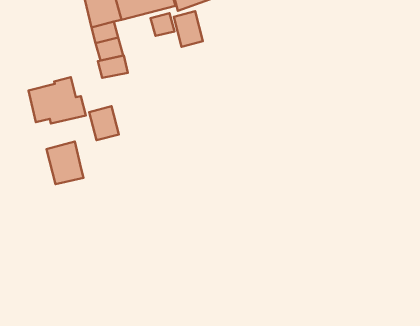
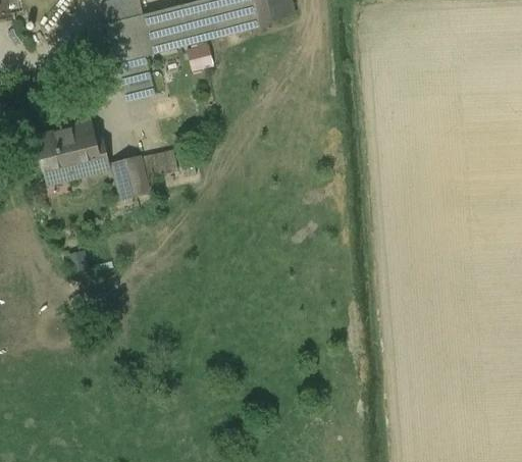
building: [174,11,203,47] -> none
building: [98,55,128,78] -> [141,148,177,175]
building: [47,142,83,184] -> none

